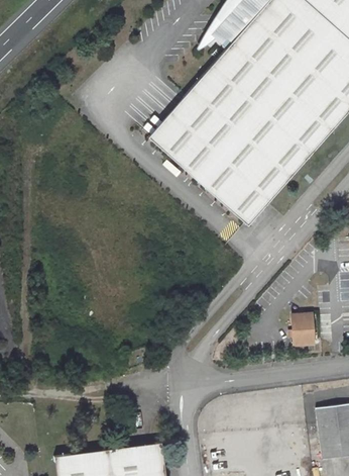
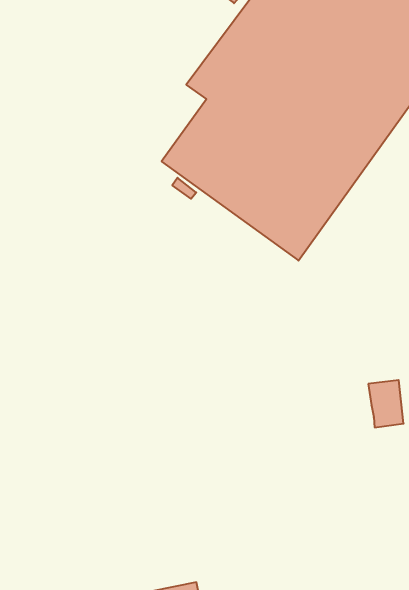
building: [148,98,196,150] -> none

